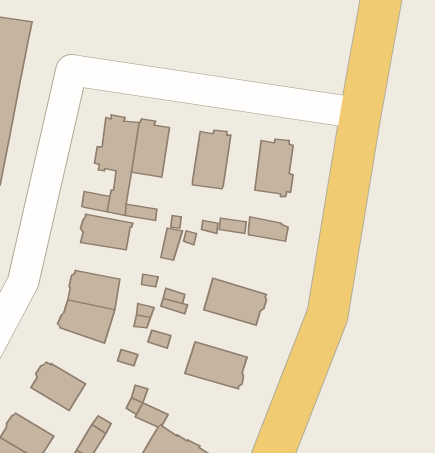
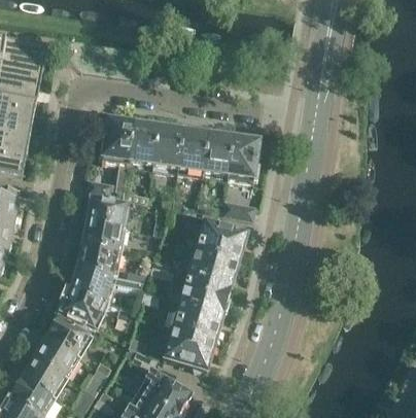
building: none -> [152,125,183,171]
building: none -> [202,133,233,178]
building: none -> [82,220,124,250]
building: none -> [194,220,247,263]
building: none -> [179,275,231,314]
building: none -> [60,289,106,327]
building: none -> [163,326,214,370]
building: none -> [34,338,77,377]

